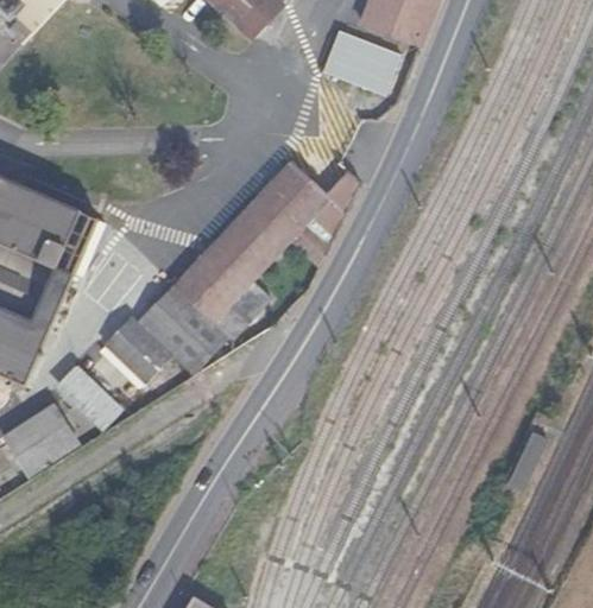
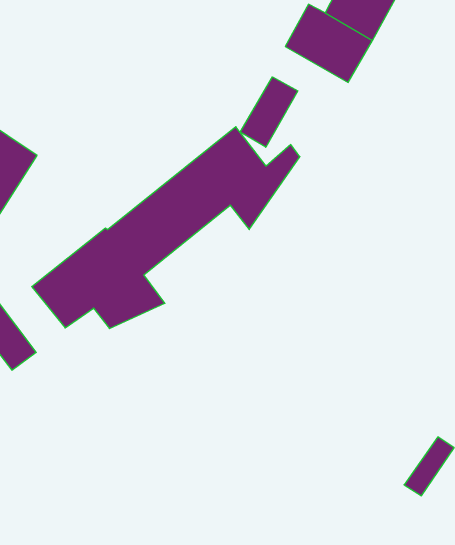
building: none -> [240,77,298,147]

